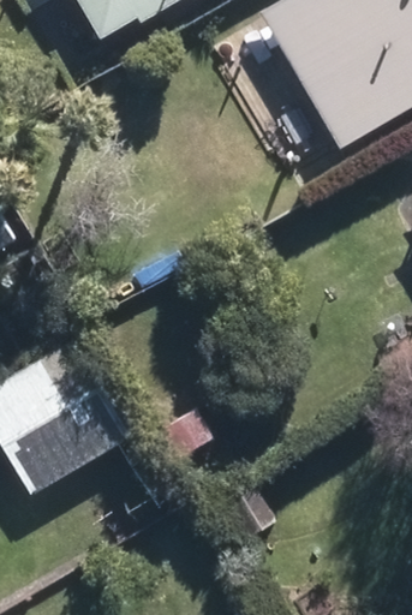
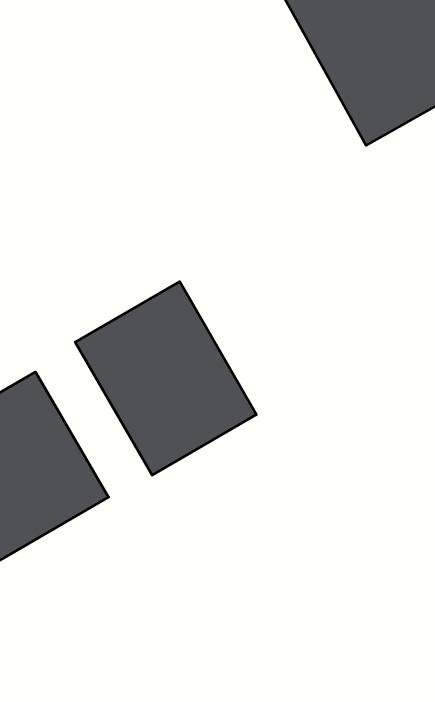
building: none -> [75,282,256,475]

